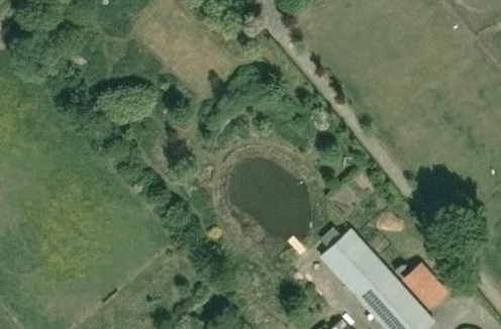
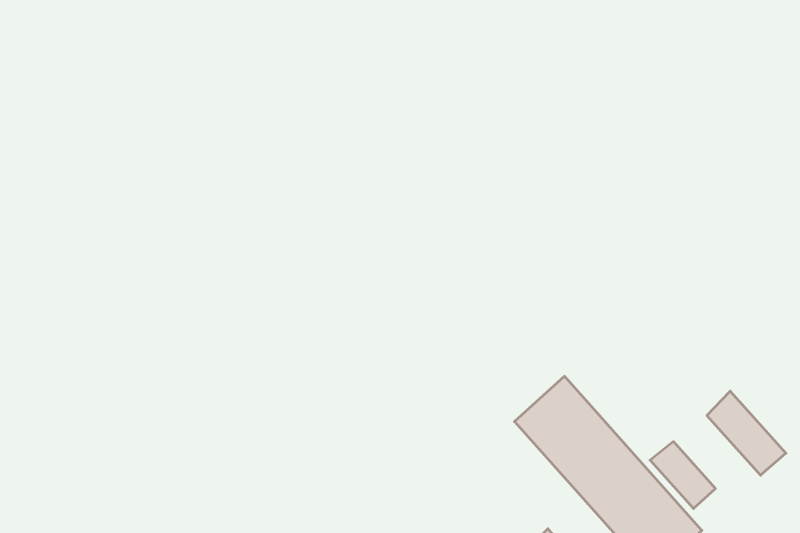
building: none -> [707,391,786,475]

